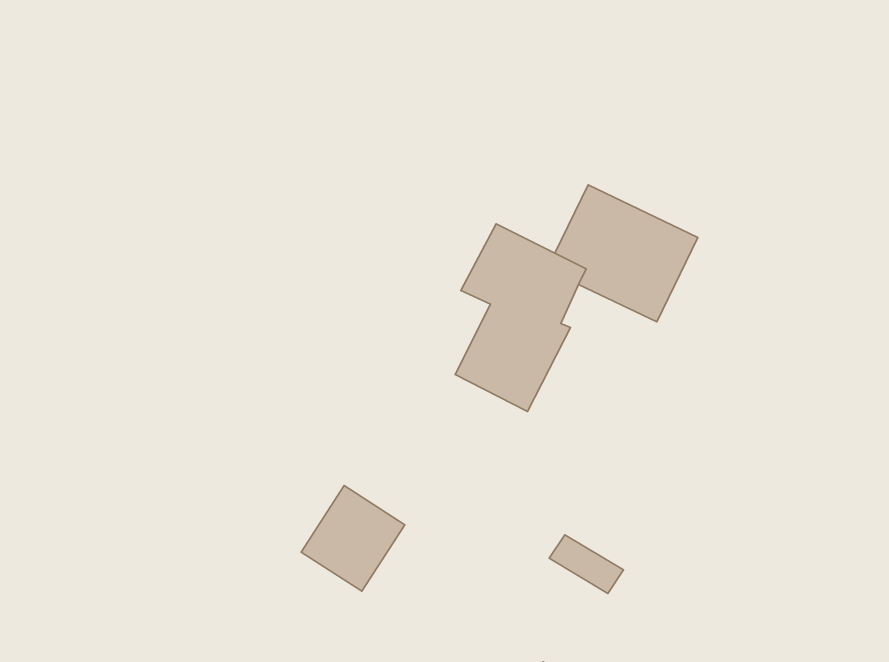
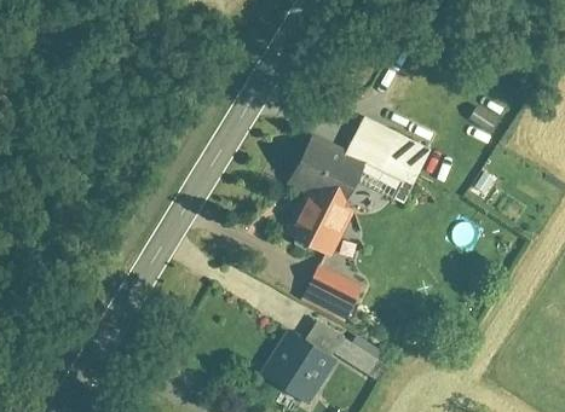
building: none -> [305,267,358,315]
building: [301,486,405,591] -> [276,327,340,393]

